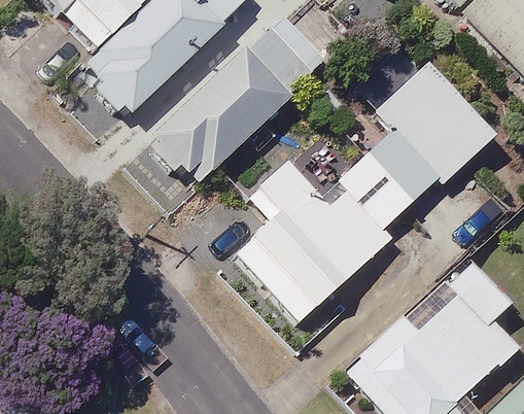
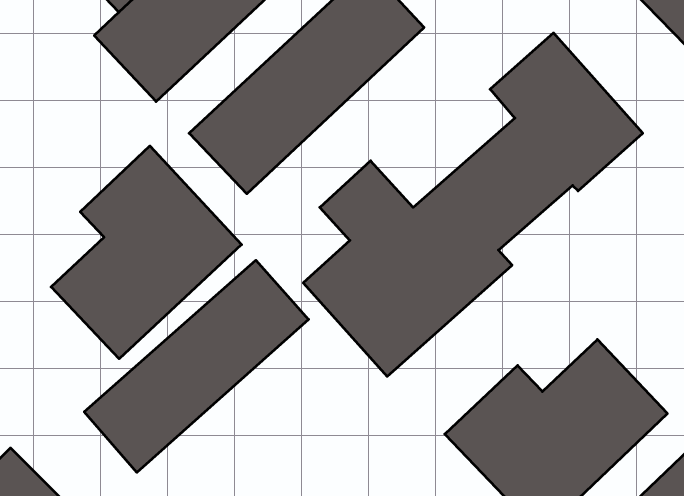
building: none -> [51,146,242,359]
building: none -> [84,260,309,472]

